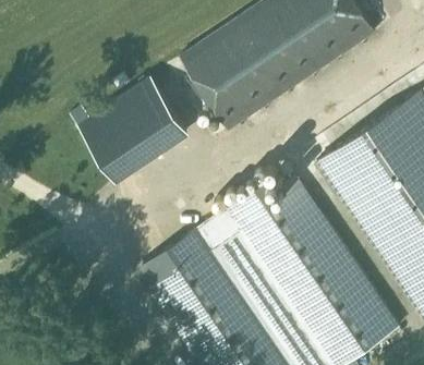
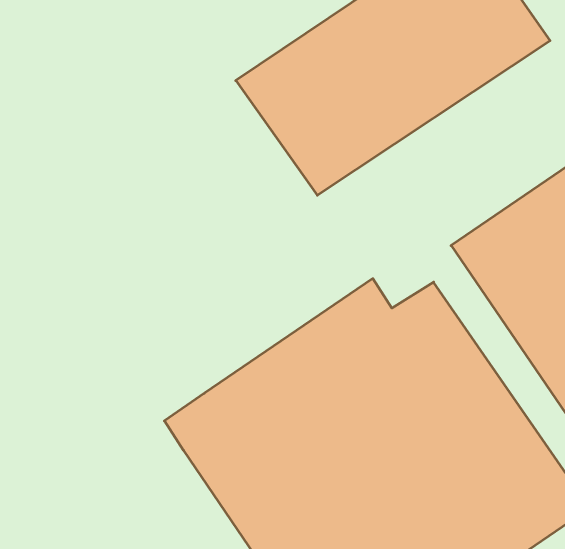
building: [77,77,190,183] -> none

